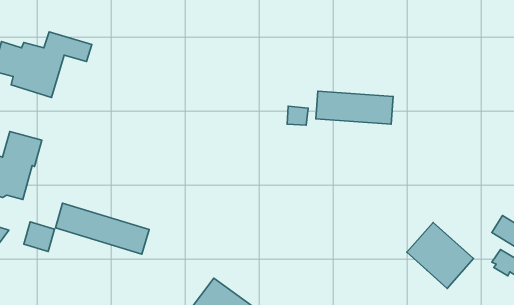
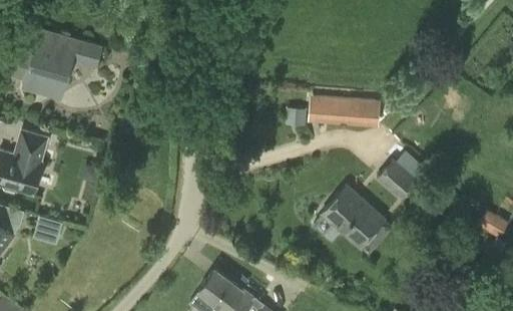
building: none -> [377,158,420,201]
building: [55,203,149,254] -> none
building: [407,223,474,288] -> [322,185,385,247]

